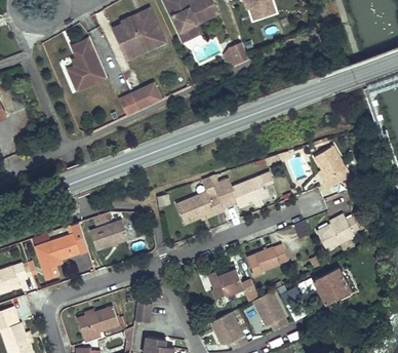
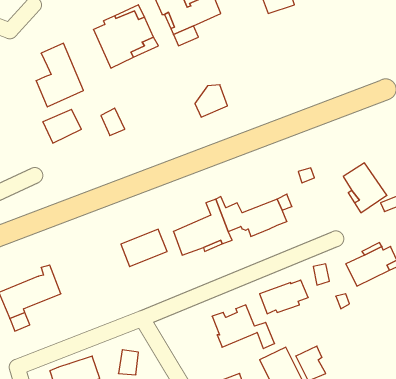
building: [221,44,247,71] -> [195,85,227,117]
building: [129,84,161,112] -> [43,109,81,143]
building: [88,215,126,246] -> [121,229,167,267]
building: [313,269,352,306] -> none

